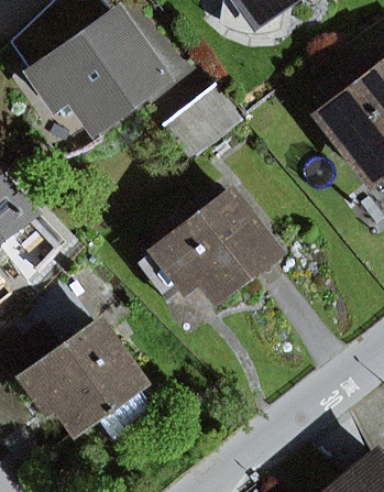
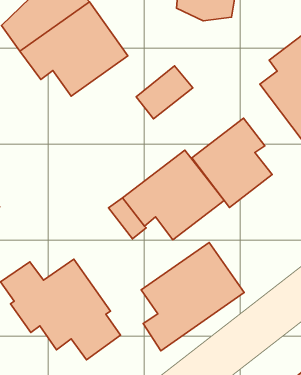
building: none -> [192,118,272,207]
building: none -> [141,242,244,351]

